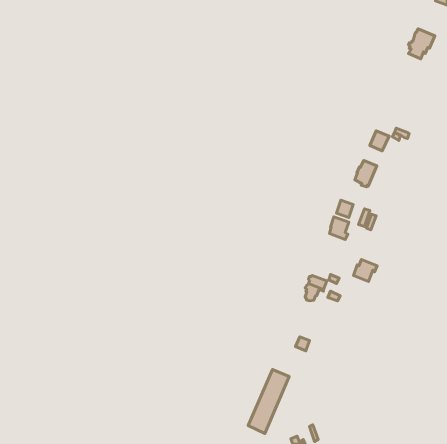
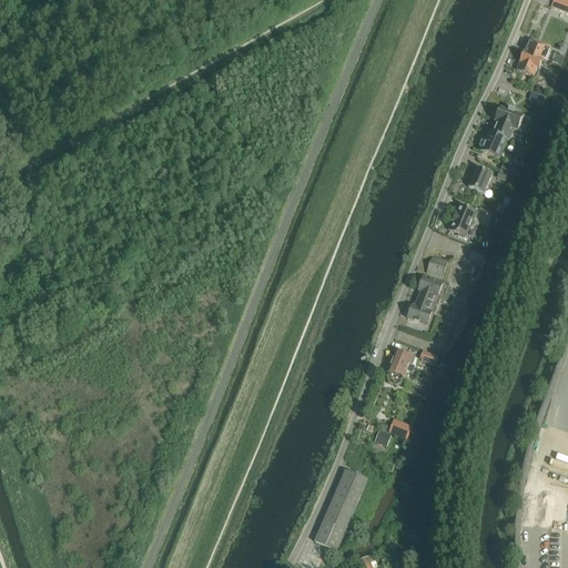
building: none -> [483,105,524,156]
building: [354,260,377,282] -> [407,295,437,323]

